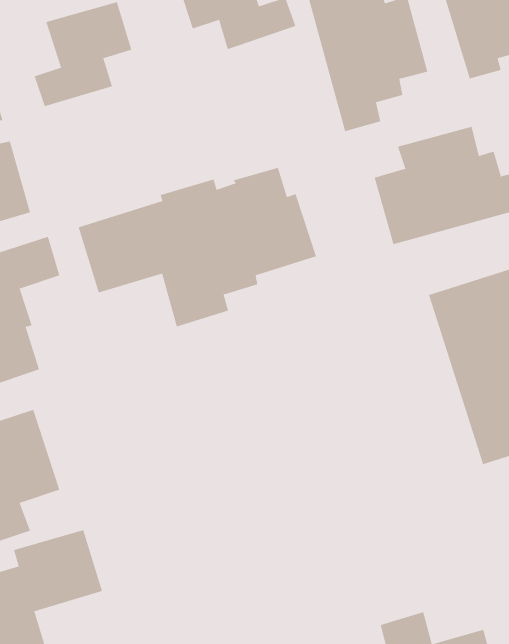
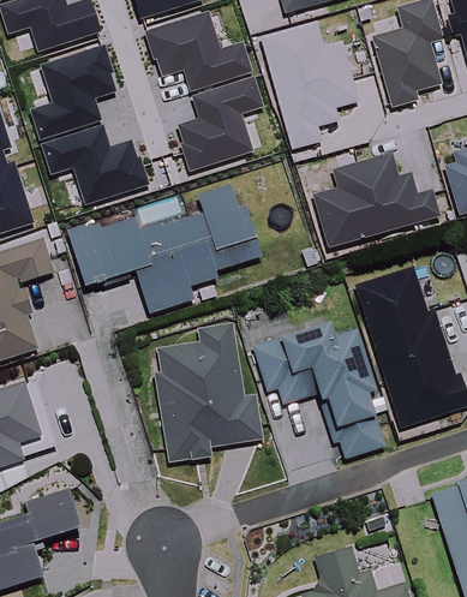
building: none -> [180,77,259,163]
building: none -> [42,125,143,198]
building: none -> [255,323,387,458]
building: none -> [156,324,262,462]

